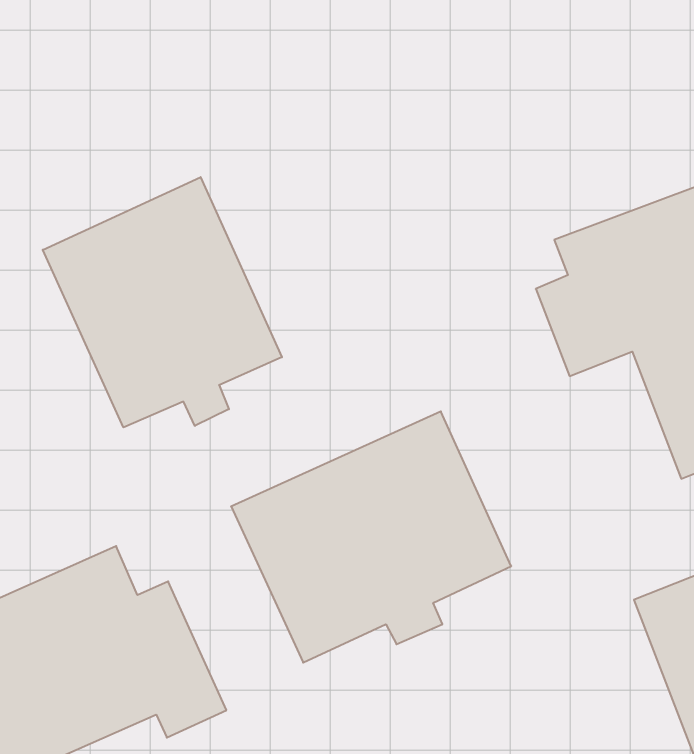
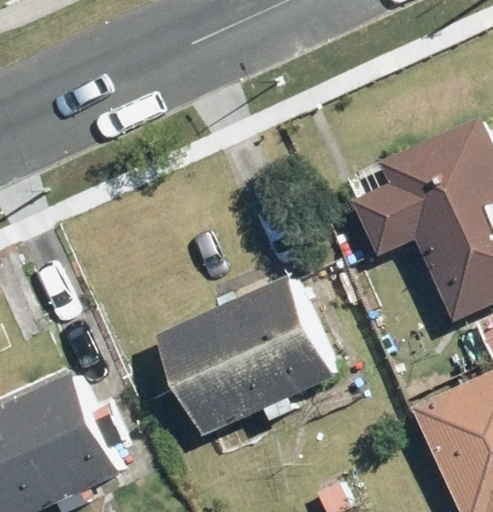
building: [43,177,282,427] -> none

